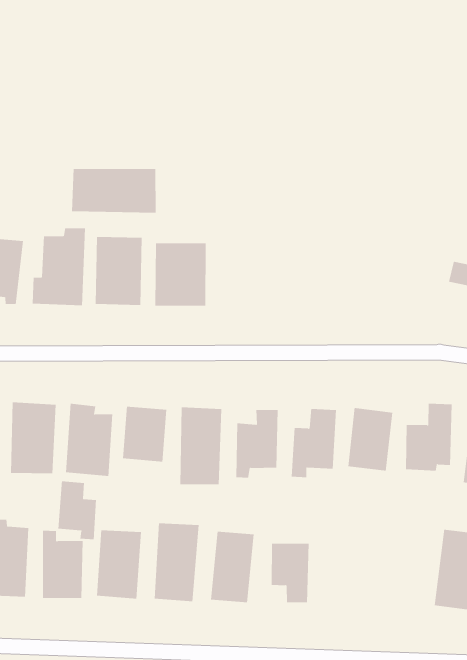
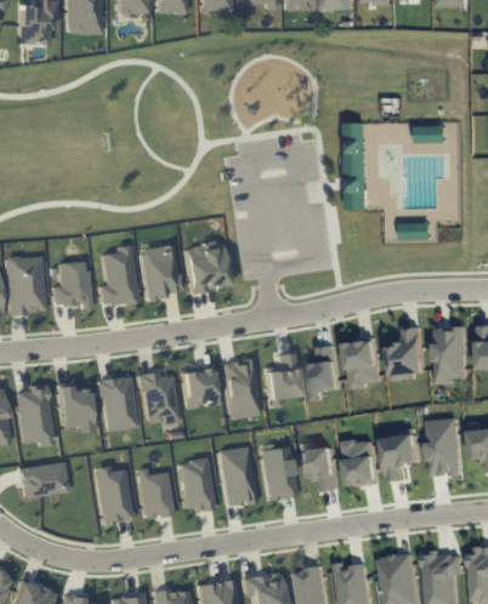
building: [72,168,156,214] -> none
building: [58,481,97,540] -> none
building: none -> [345,440,376,486]
building: none -> [385,435,419,482]

